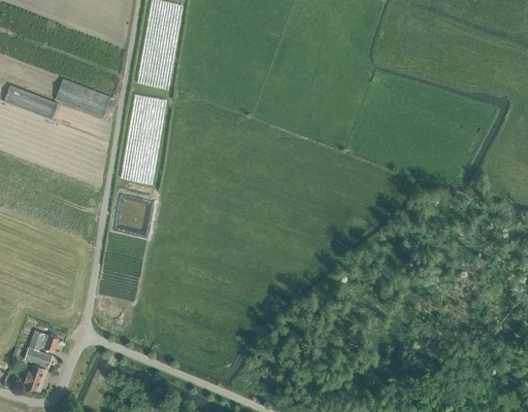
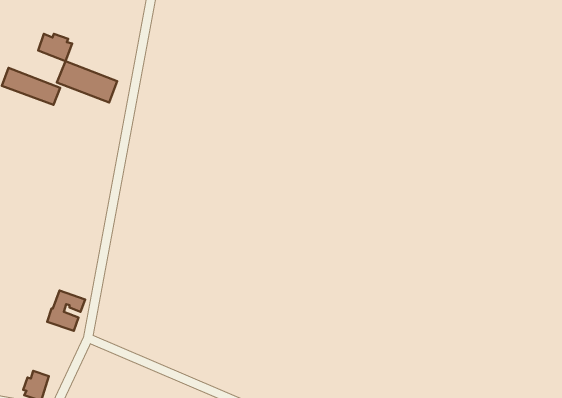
building: none -> [38,34,72,61]
building: [23,331,58,368] -> [47,291,85,331]

